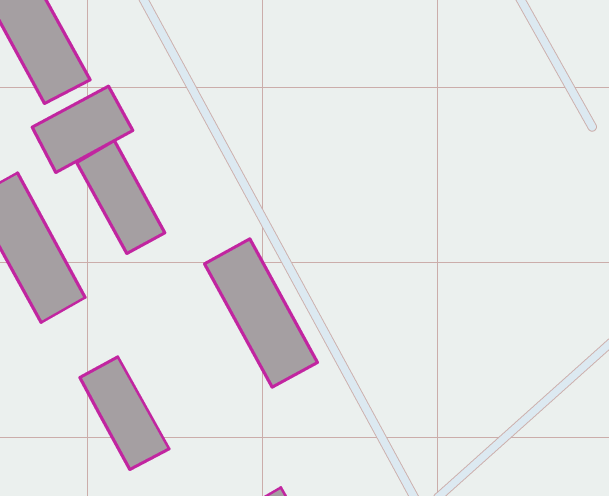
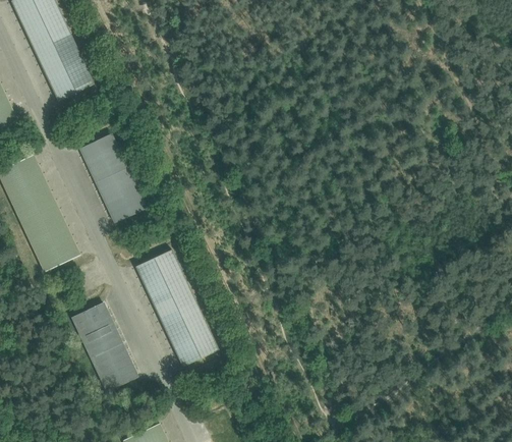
building: [32,86,133,172] -> none
building: [205,239,318,387] -> [135,250,219,367]

